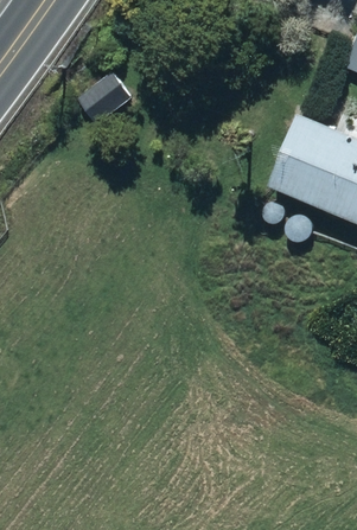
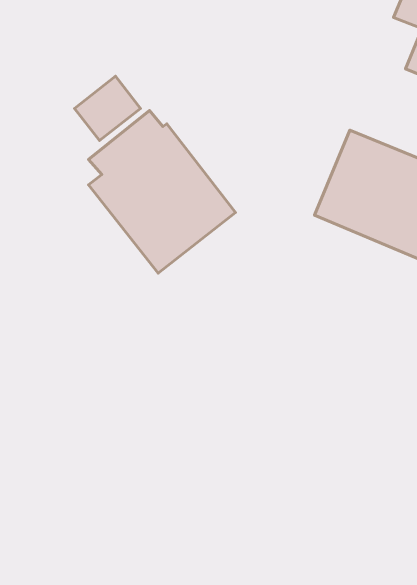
building: none -> [88,110,235,273]

